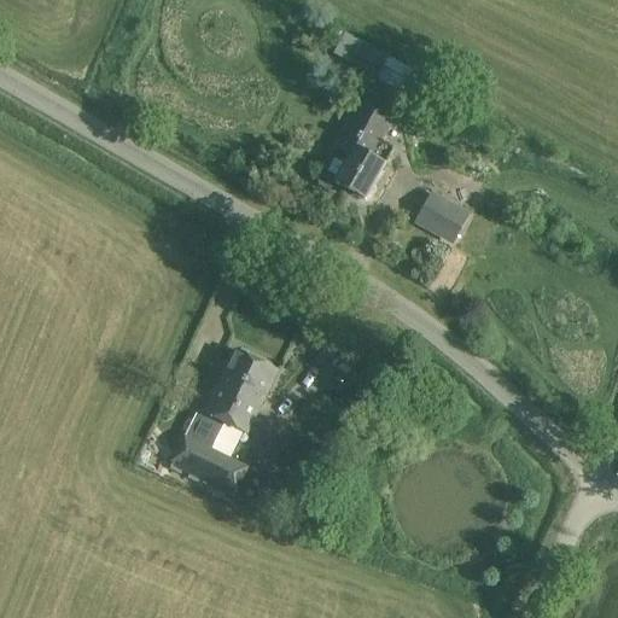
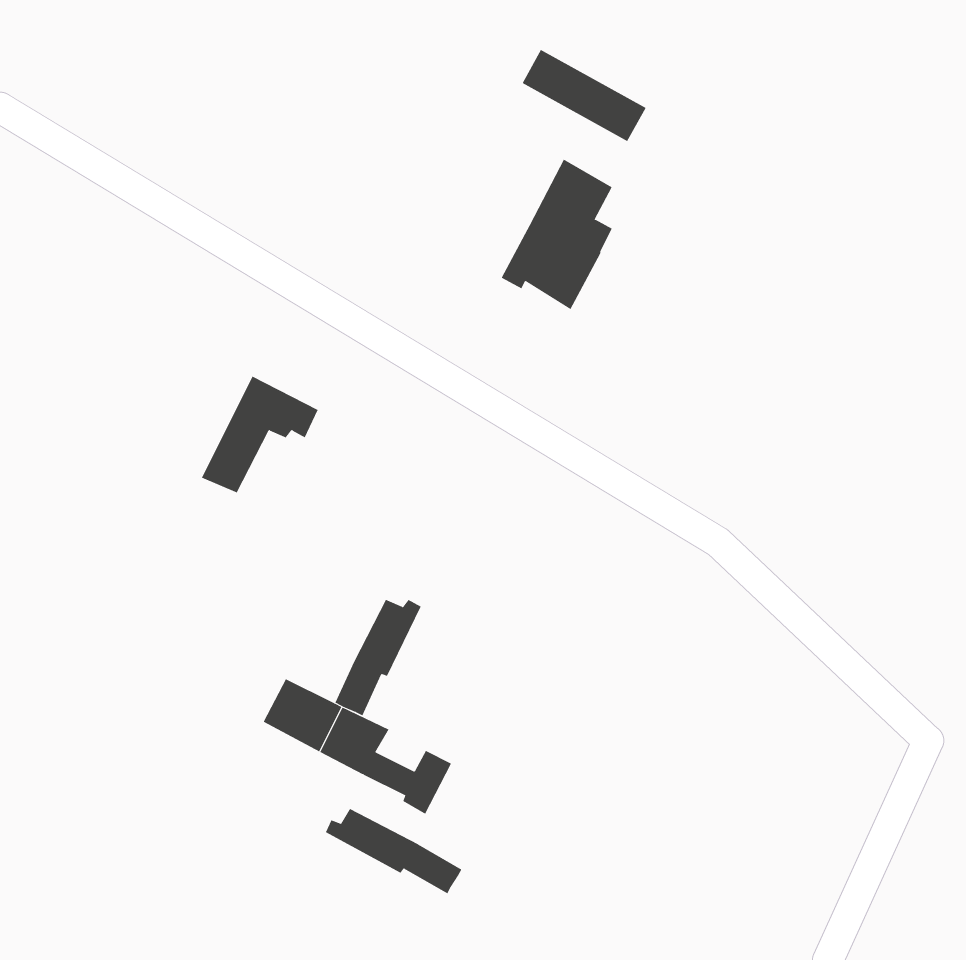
building: [414,191,471,244] -> none
building: [203,348,278,422] -> [201,376,318,493]
building: none -> [325,808,462,894]

